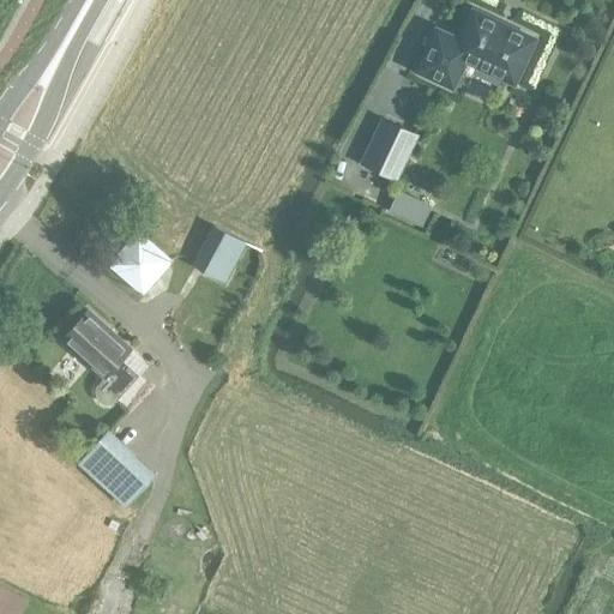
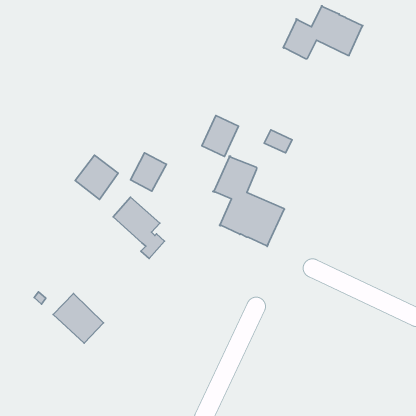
building: [361,121,415,181] -> [202,116,239,156]
building: none -> [213,156,285,247]
building: [61,312,137,402] -> [113,197,165,258]

